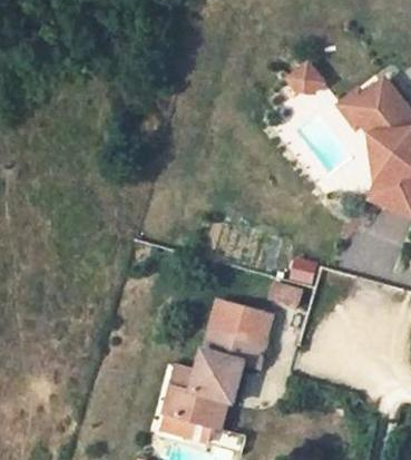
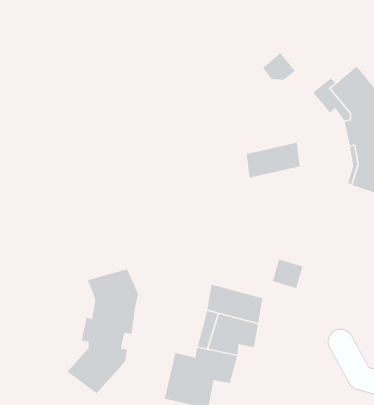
building: none -> [246,142,300,178]
building: none -> [67,268,139,394]

